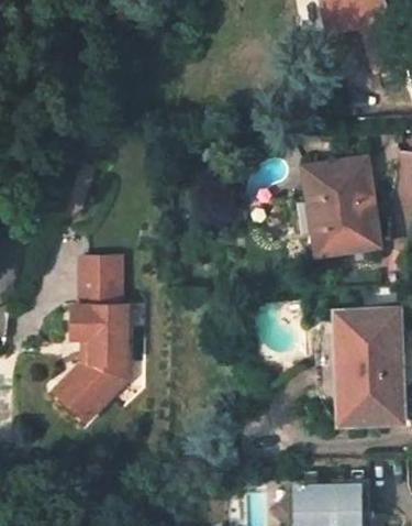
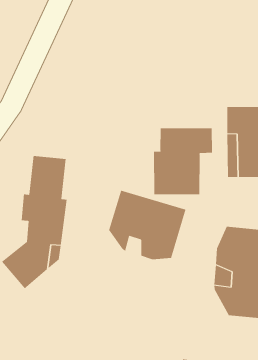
building: none -> [154,128,213,195]
building: none -> [109,190,186,260]

